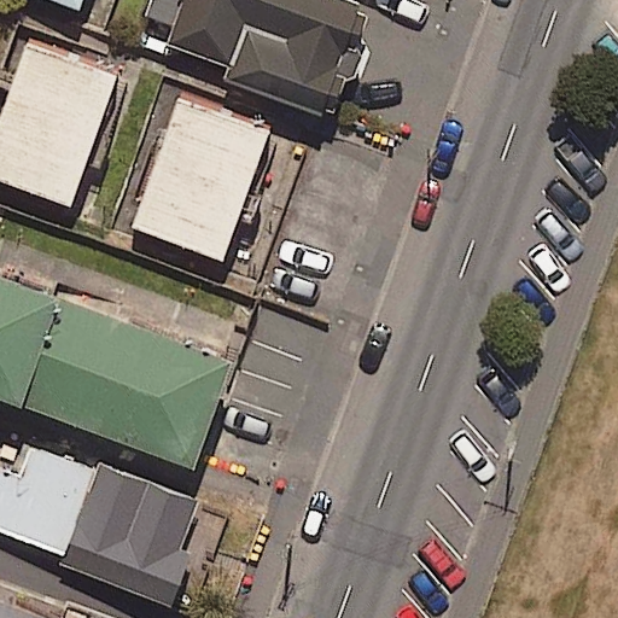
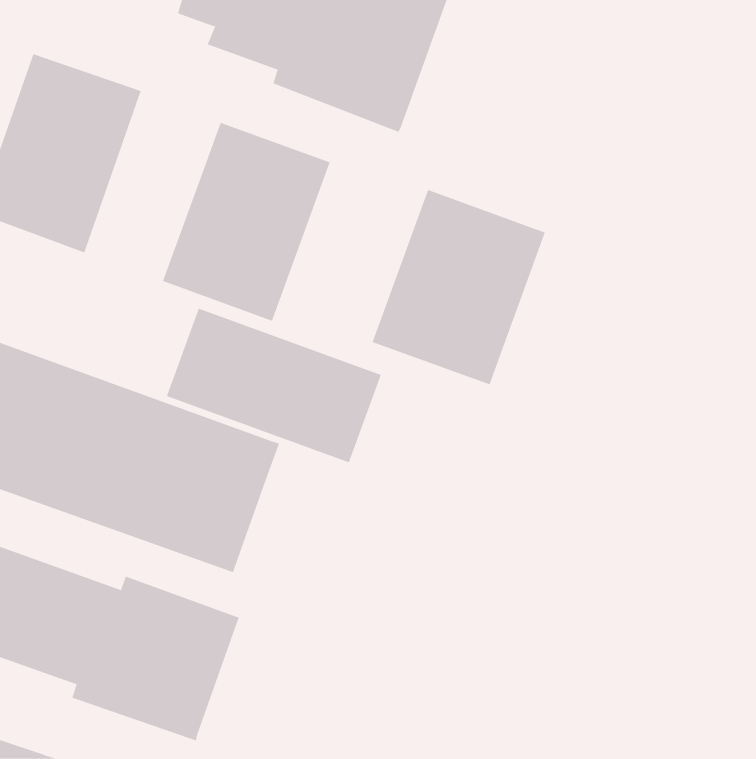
building: none -> [372,189,546,385]
building: none -> [166,308,381,463]

